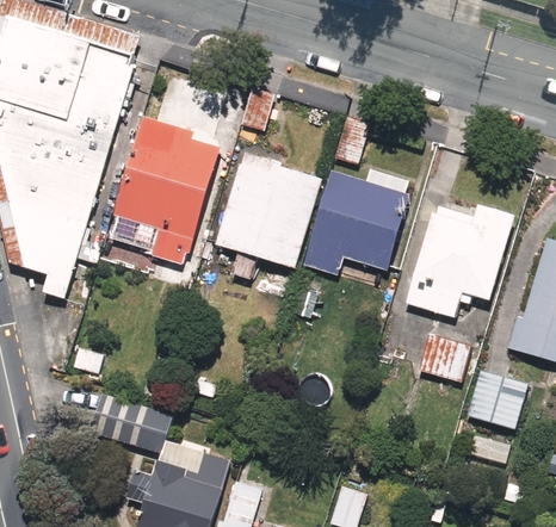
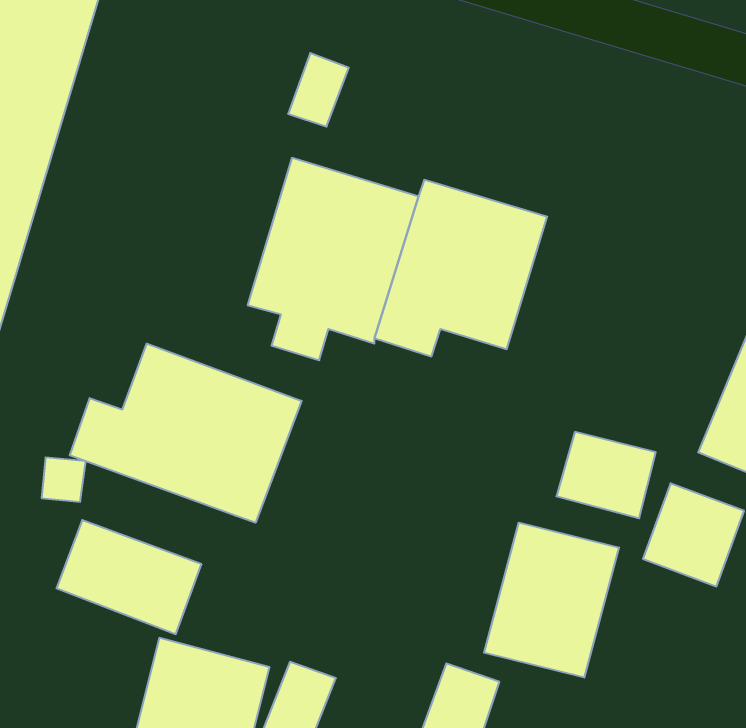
building: [113,113,224,267] -> none
building: [403,197,525,322] -> none
building: none -> [70,344,302,523]
building: none -> [484,523,619,678]

